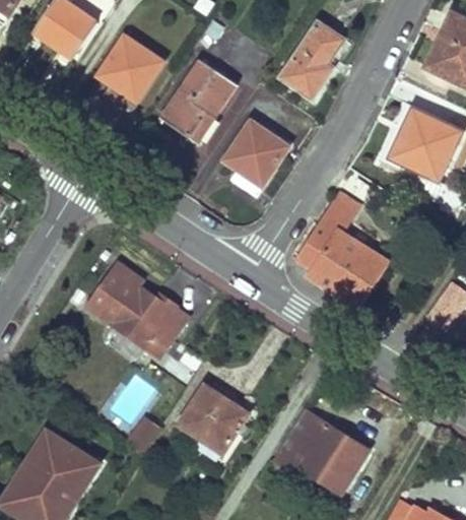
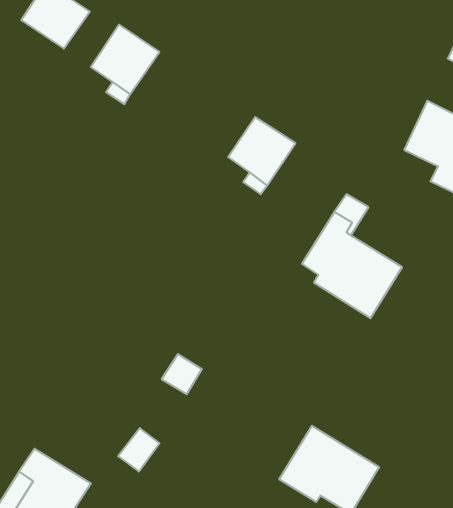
building: [281,22,345,100] -> none
building: [161,61,237,136] -> none
building: [86,265,188,356] -> none
building: [179,387,247,453] -> none

